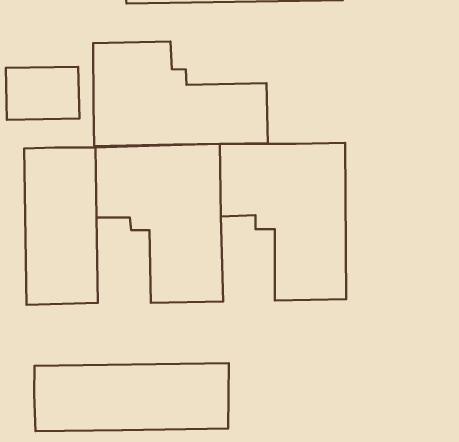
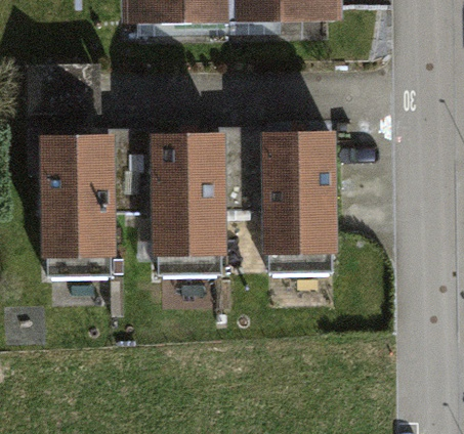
building: [93,42,268,146] -> none
building: [34,363,229,431] -> none

